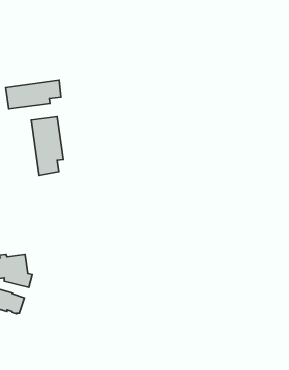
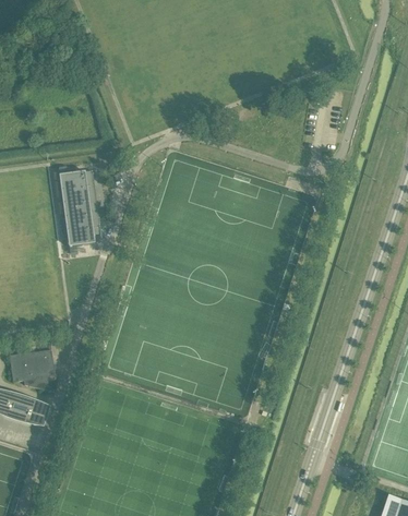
building: [5,80,61,109] -> none

